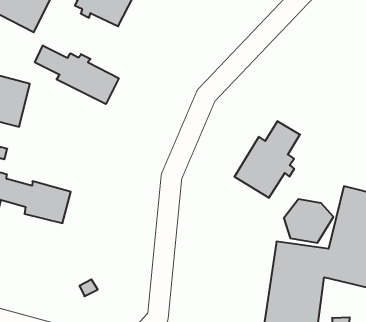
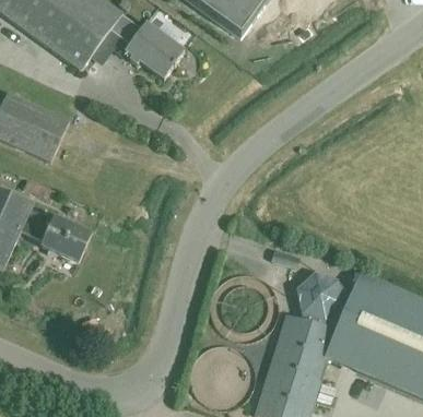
building: [35,45,119,104] -> none
building: [234,121,300,198] -> none

